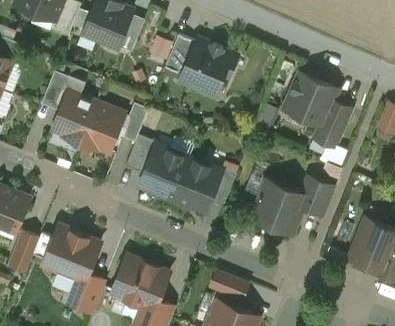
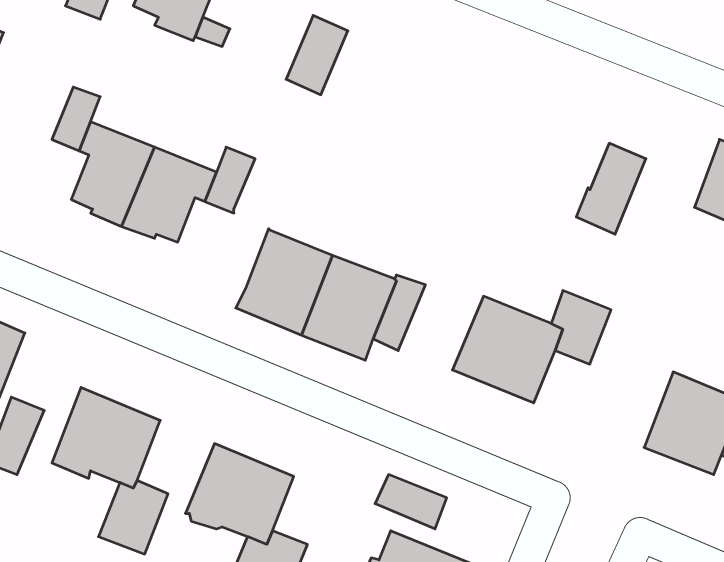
building: [180,42,236,89] -> none
building: [284,72,337,124] -> none
building: [124,134,157,175] -> none

